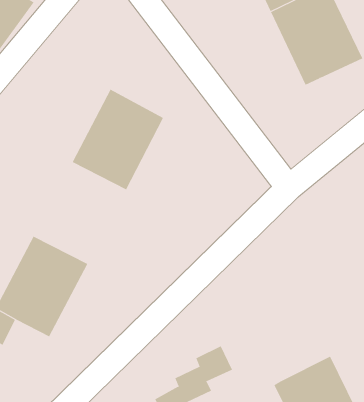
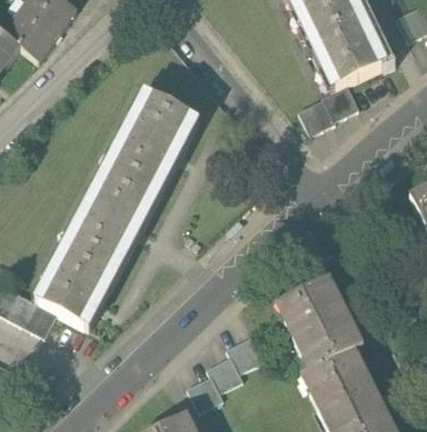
building: none -> [298,80,358,130]
building: none -> [73,160,162,257]
building: none -> [276,277,364,369]

